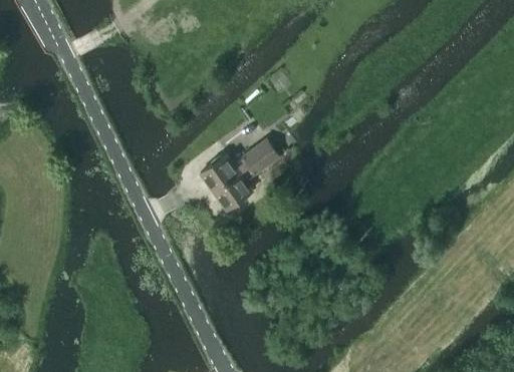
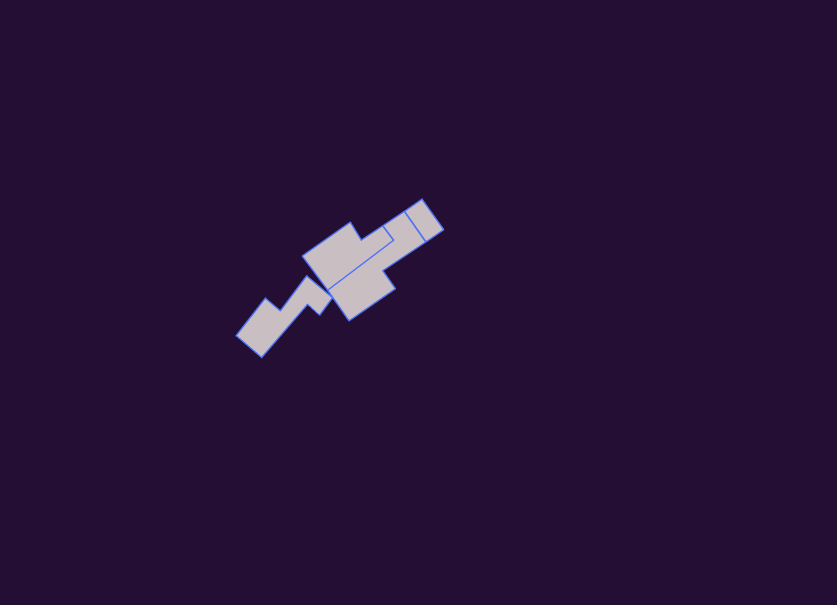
building: none -> [236,276,333,358]

